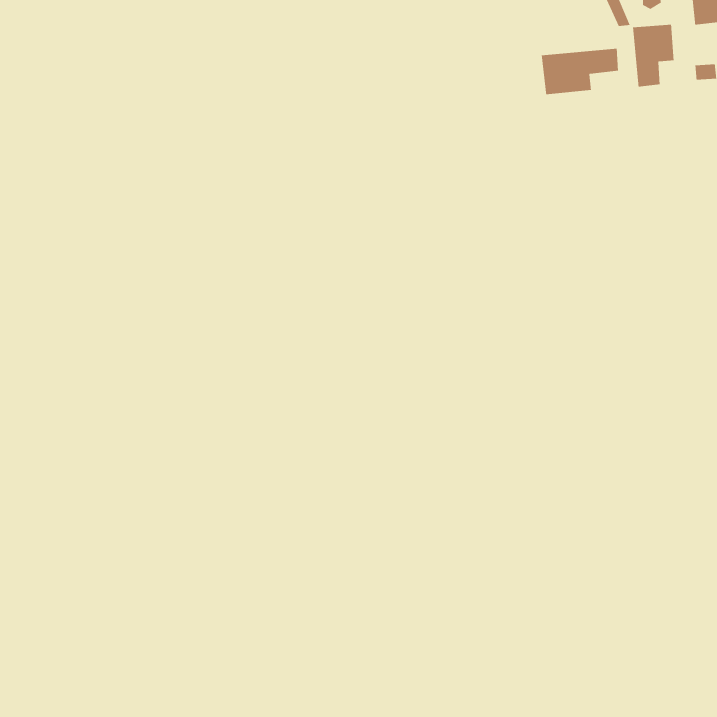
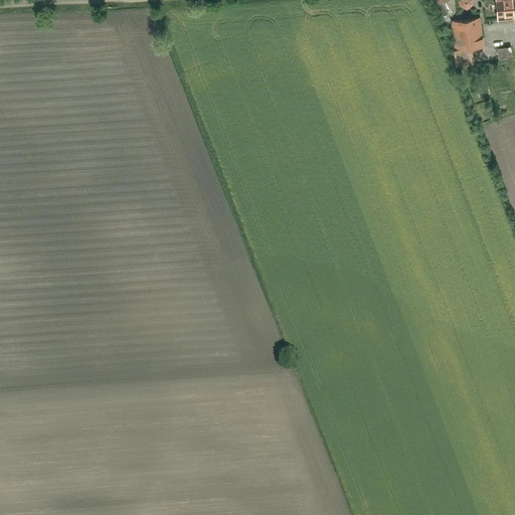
building: [541,48,619,95] -> none

